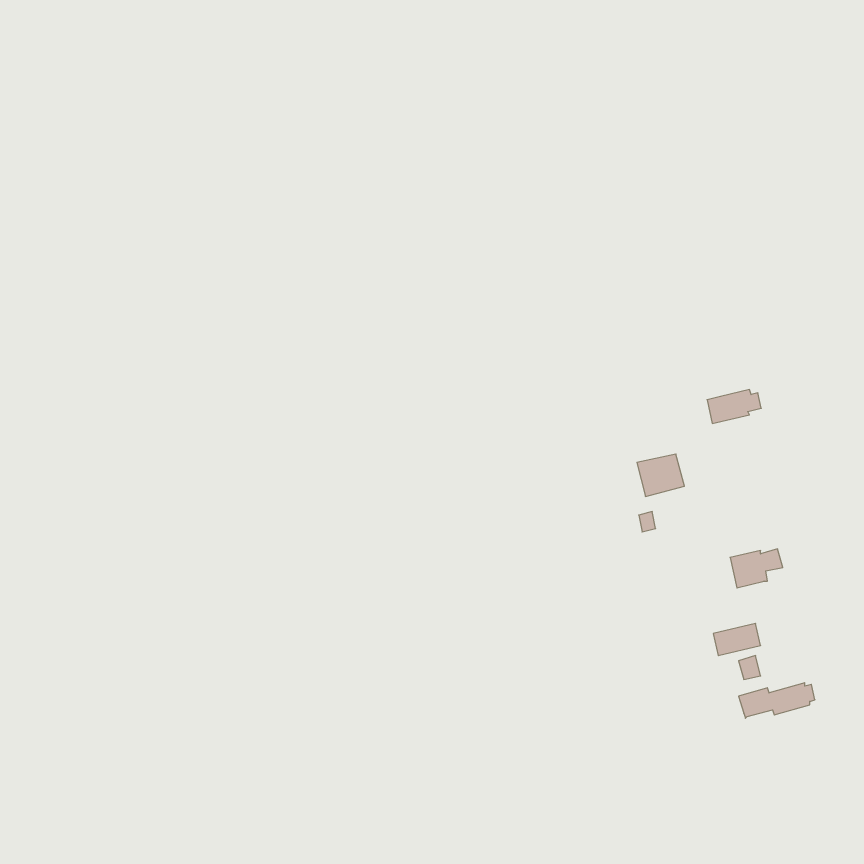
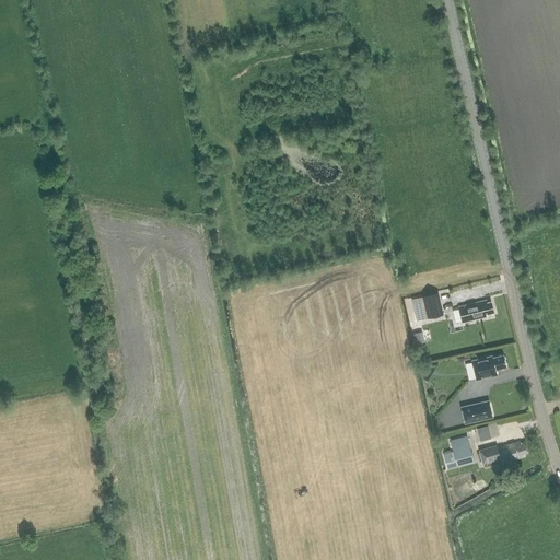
building: [707,390,761,423] -> [457,300,492,322]
building: none -> [442,435,472,468]

